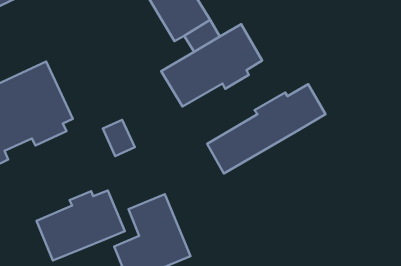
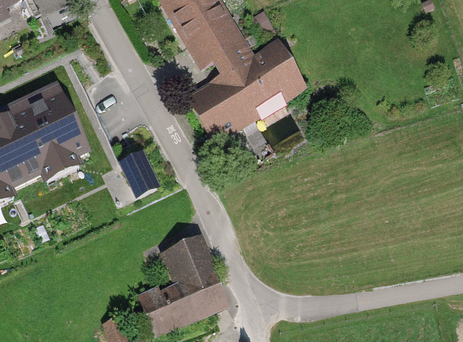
building: [207,84,326,174] -> none
building: [37,191,125,261] -> none

